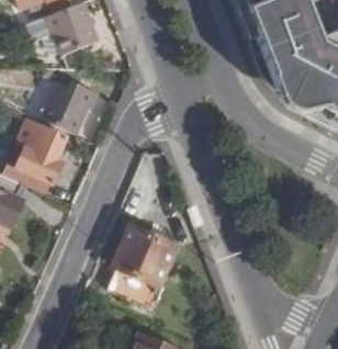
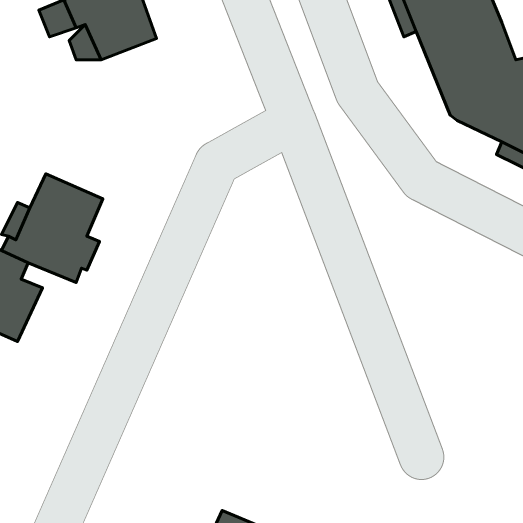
building: [43,81,100,133] -> none
building: [109,226,178,307] -> none

